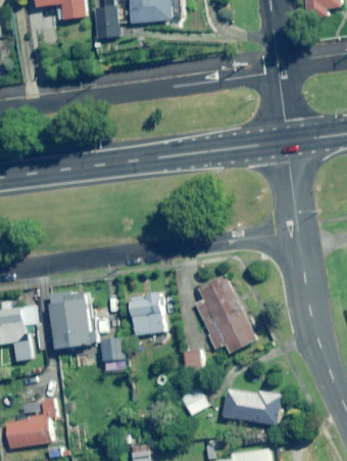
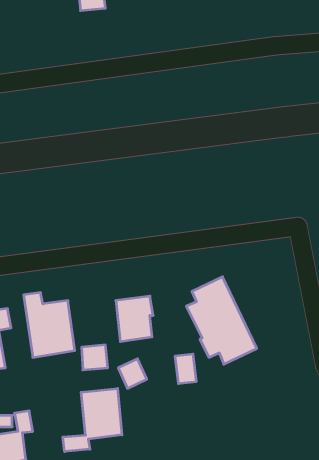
building: none -> [63,388,122,452]
building: [181,387,206,414] -> [118,359,147,388]
building: [222,388,281,424] -> none

